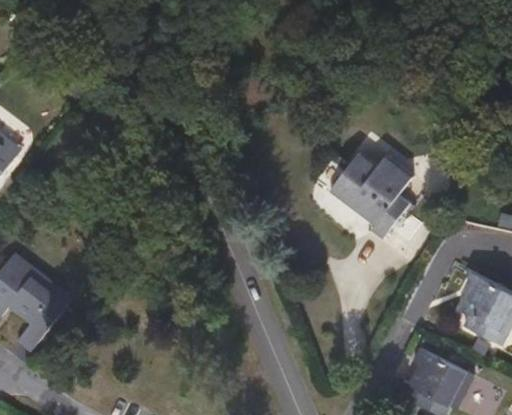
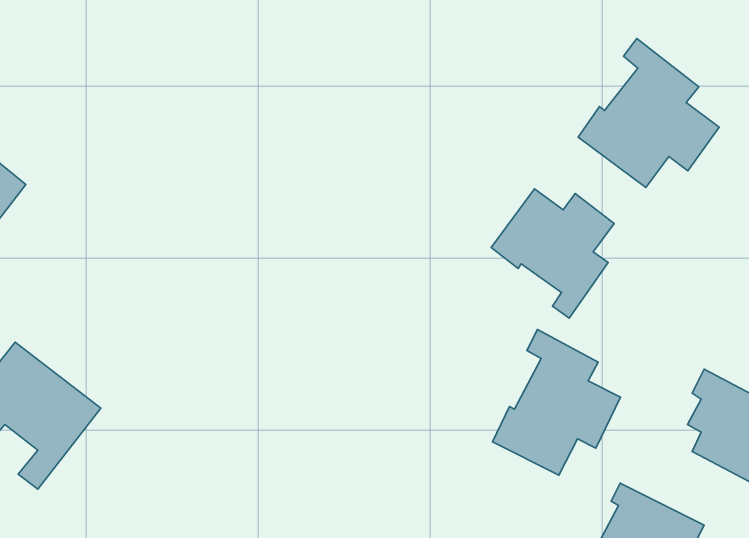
building: none -> [578,39,719,187]
building: none -> [493,329,620,475]

